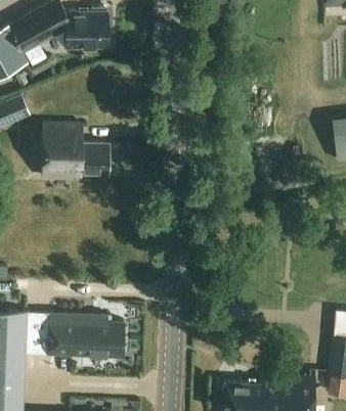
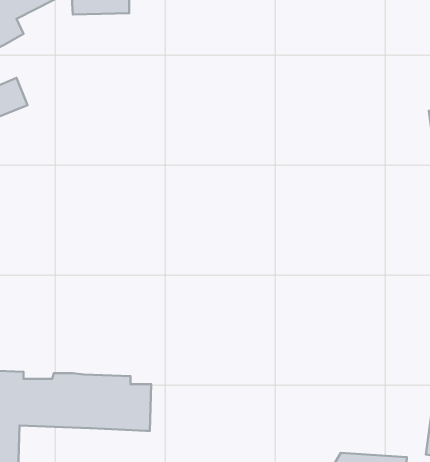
building: [43,123,107,178] -> none

